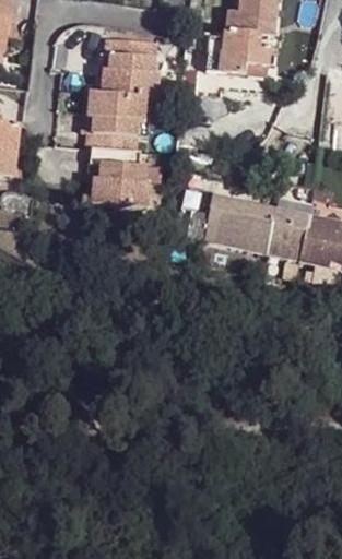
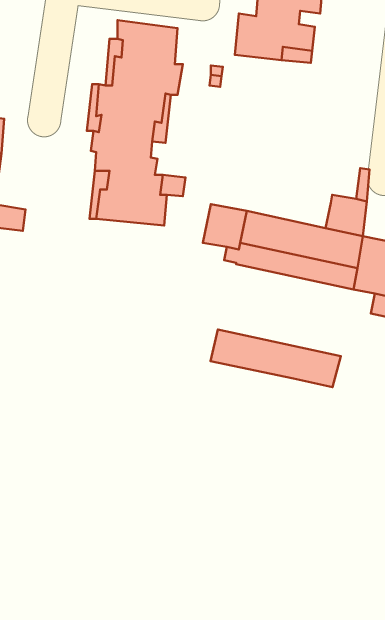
building: none -> [211,330,341,387]

